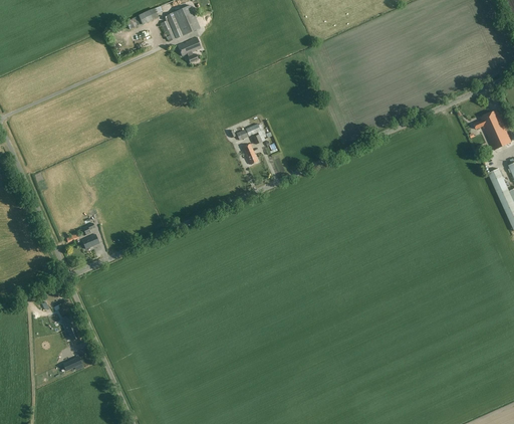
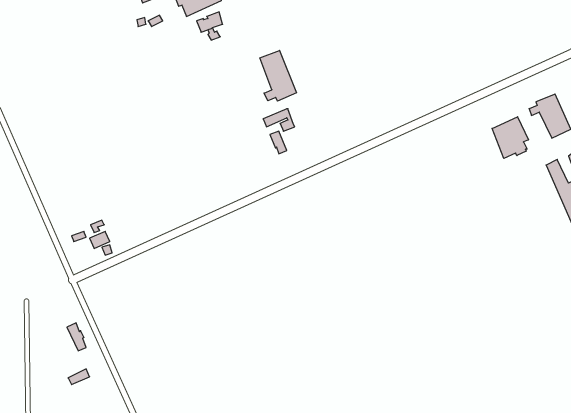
building: none -> [260,50,296,101]
building: none -> [492,117,528,158]

